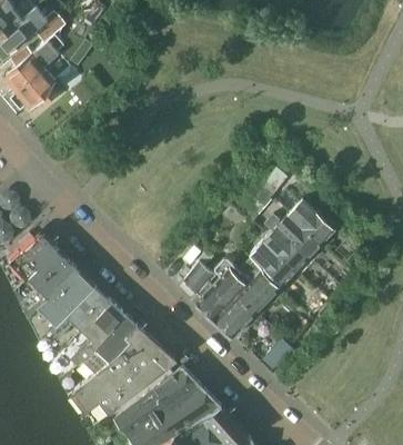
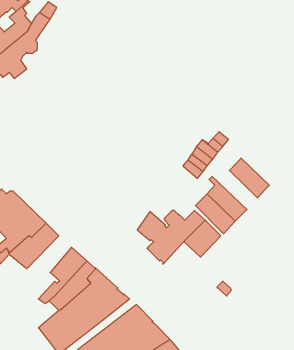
building: [270,214,322,258] -> none
building: [50,288,109,340] -> none
building: [214,295,256,338] -> none

